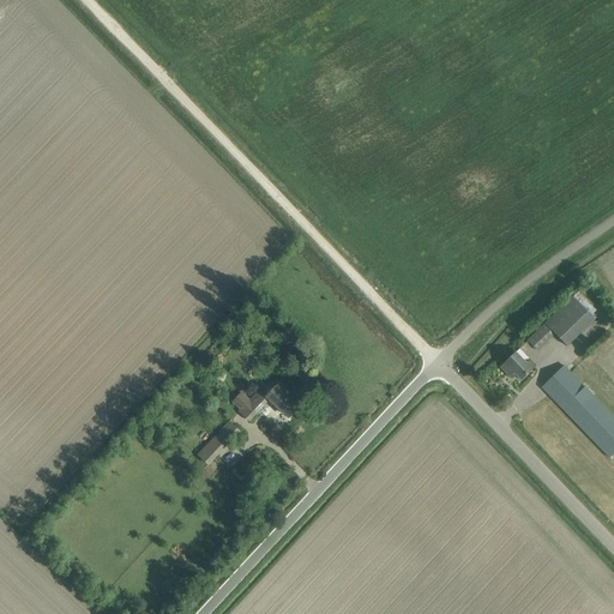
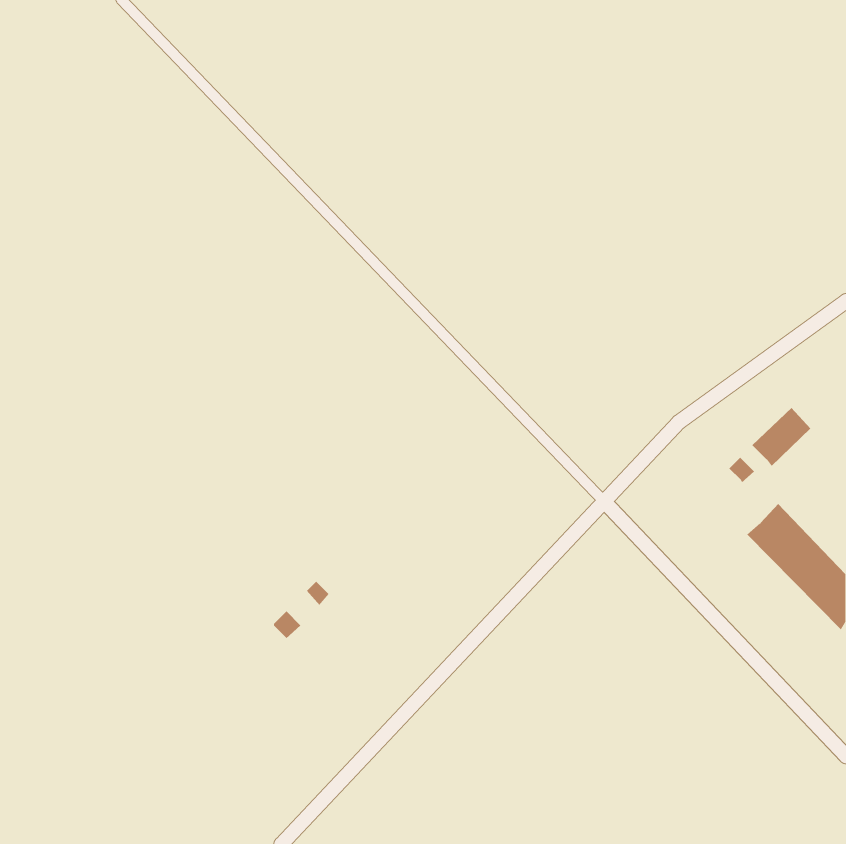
building: [500,348,536,380] -> none
building: [233,383,301,419] -> none

